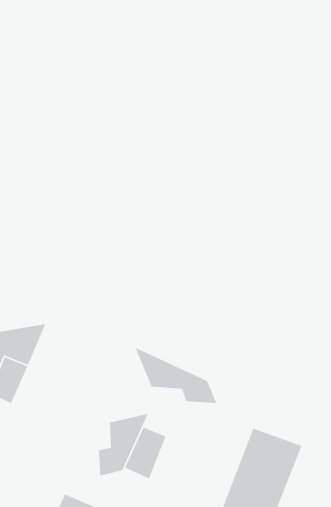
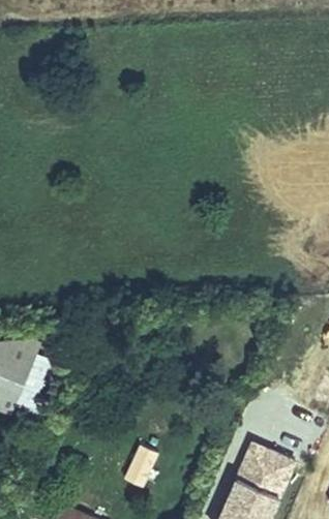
building: [134,347,218,404] -> none
building: [98,413,149,476] -> none

